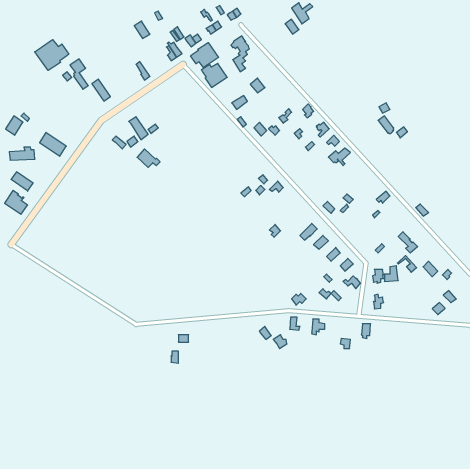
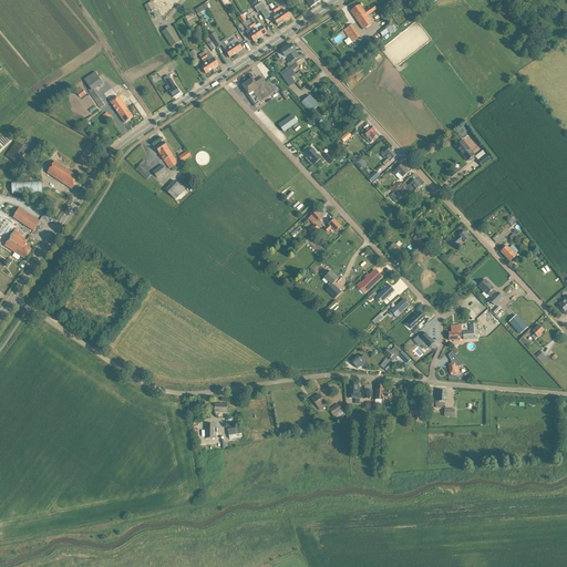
building: [35,40,69,70] -> none
building: [191,43,219,68] -> none

